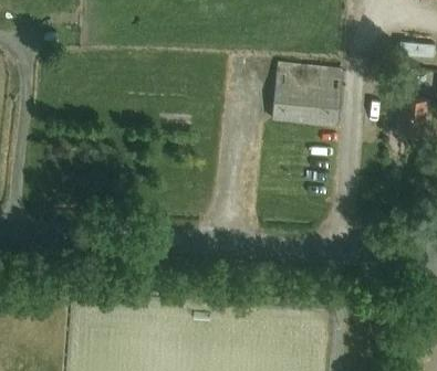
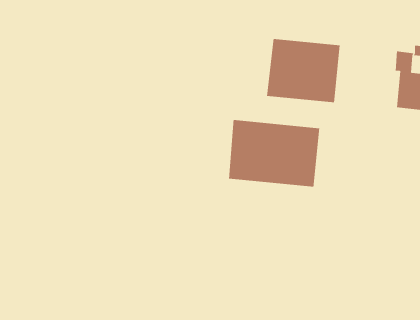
building: none -> [229,119,320,187]

